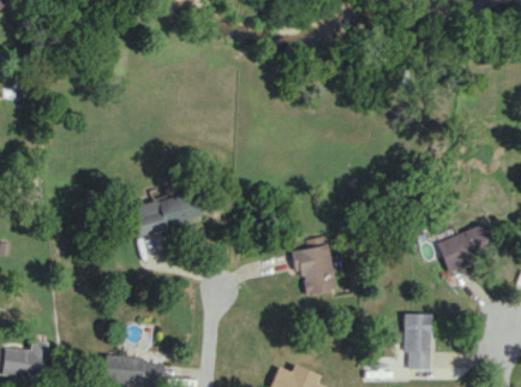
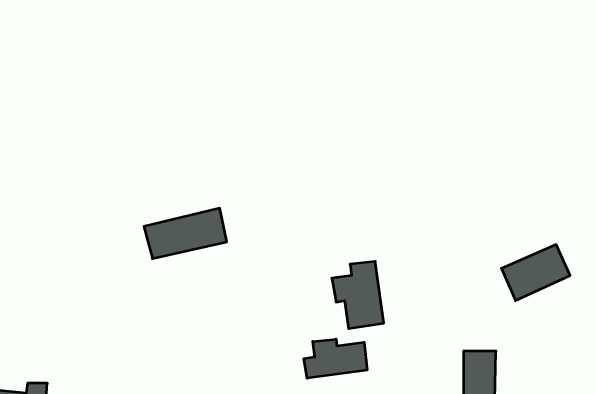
building: none -> [304,339,367,378]

